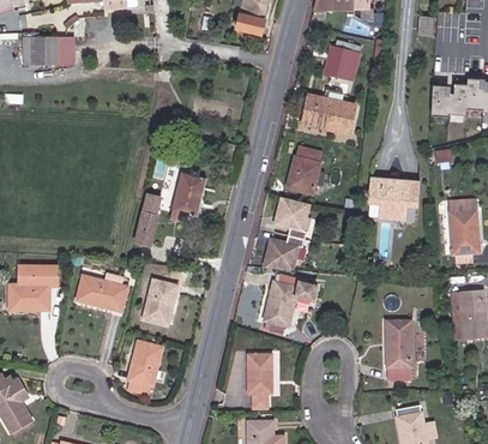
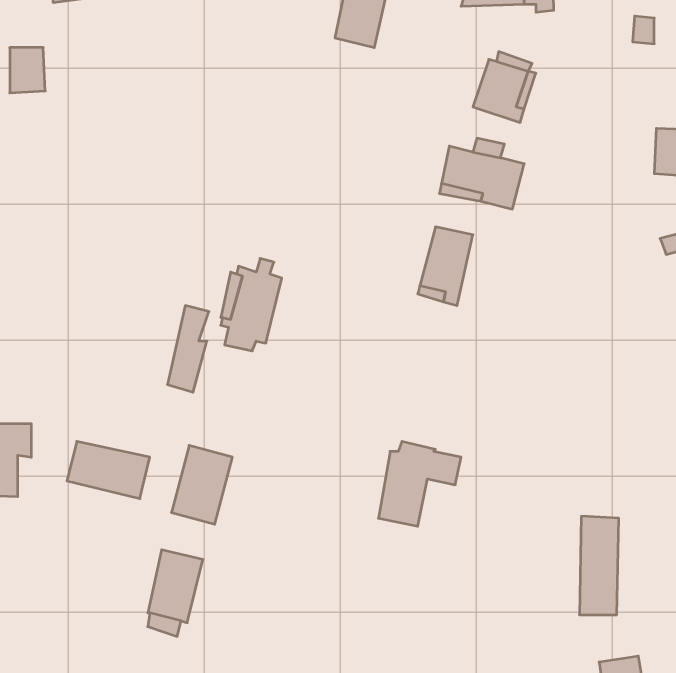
building: [373,179,420,220] -> none
building: [260,198,308,270] -> none
building: [246,355,275,412] -> none

